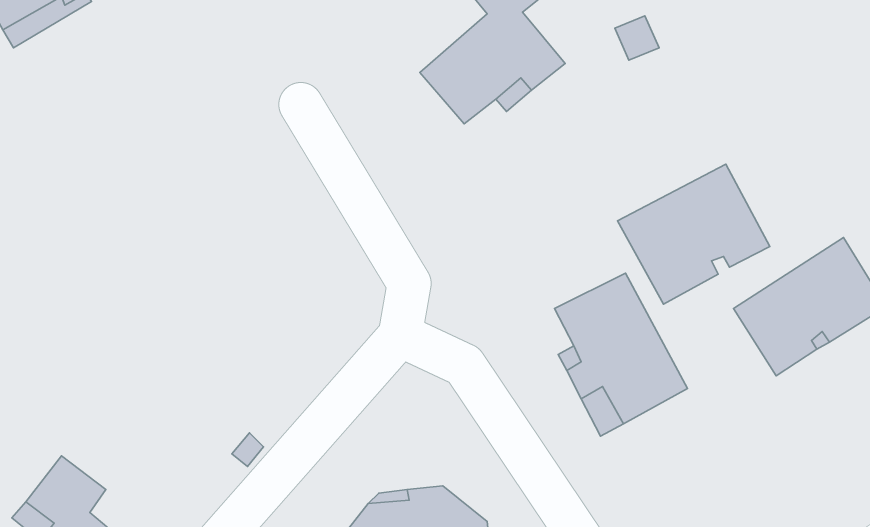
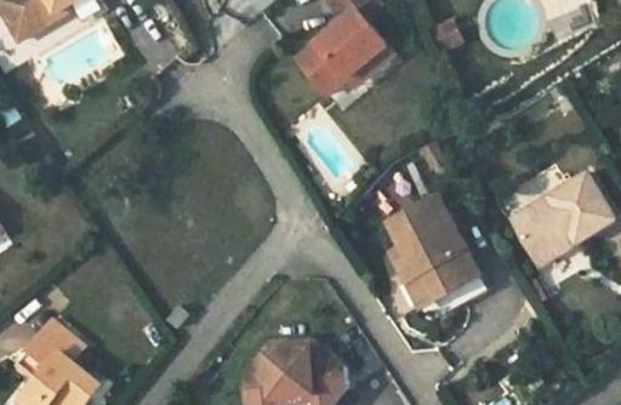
building: [618,164,770,304] -> none

